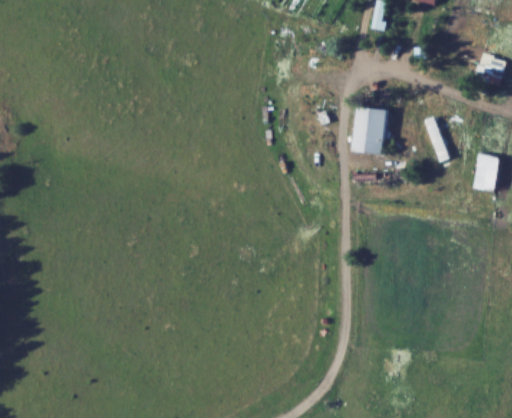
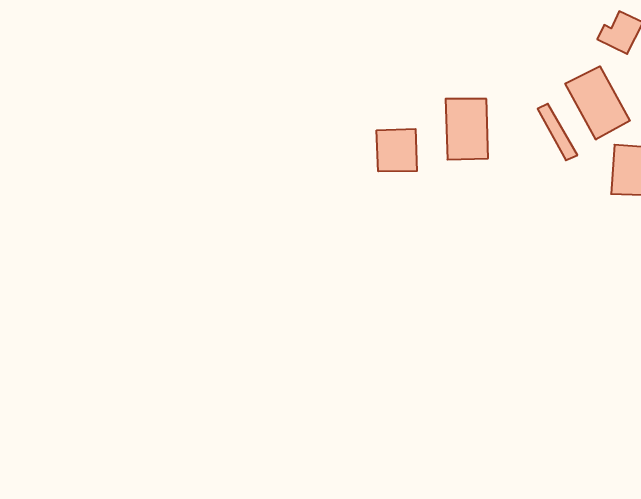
building: none -> [565,66,630,140]
building: none -> [377,129,417,171]

